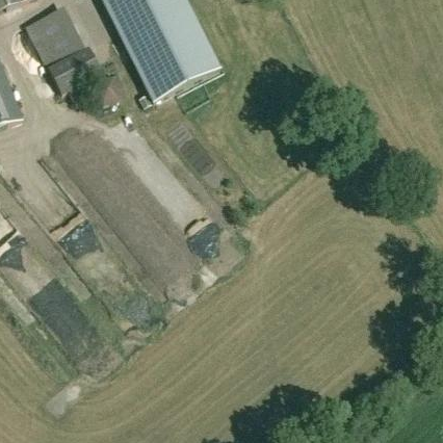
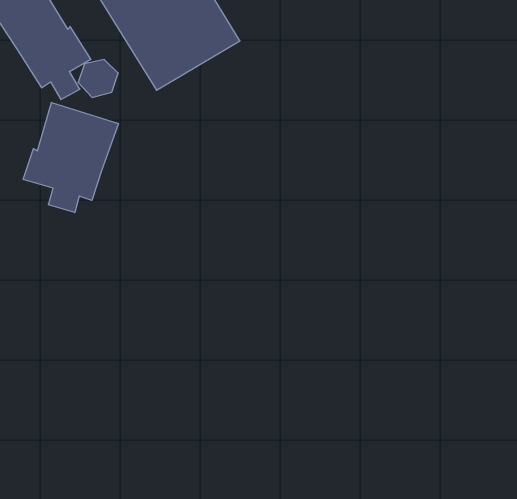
building: none -> [23,102,119,213]

